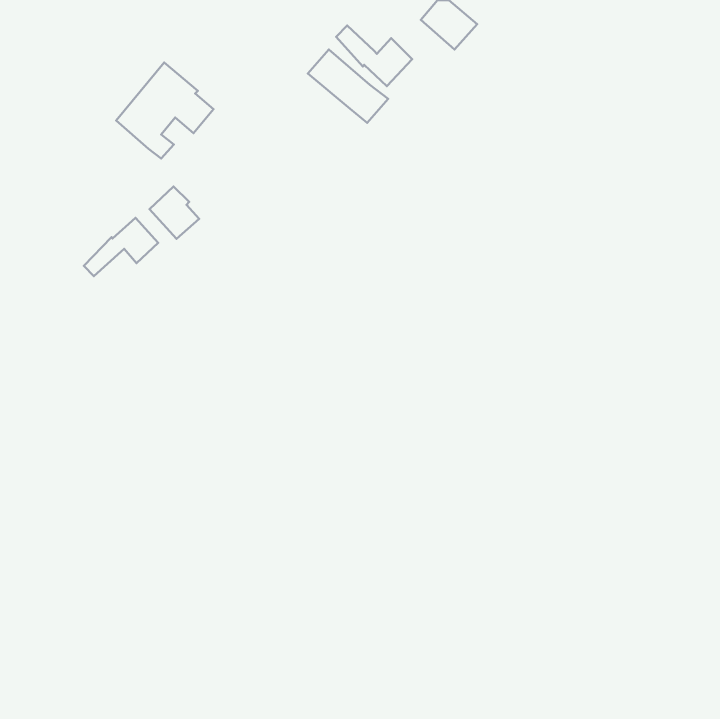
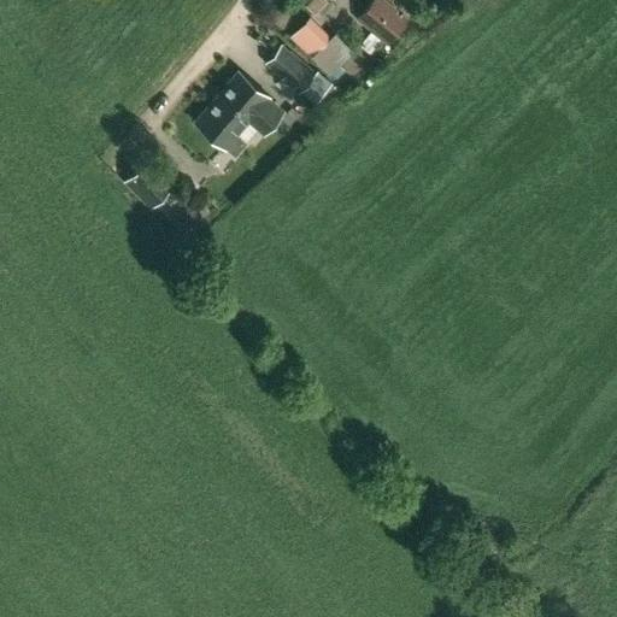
building: [116,63,213,159] -> [199,72,282,154]
building: [84,218,158,276] -> none

